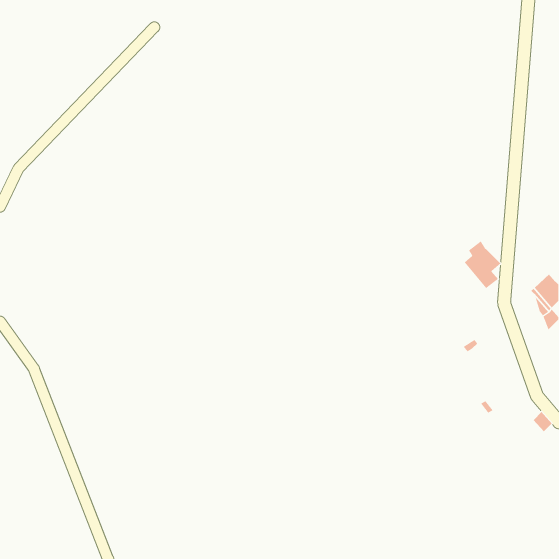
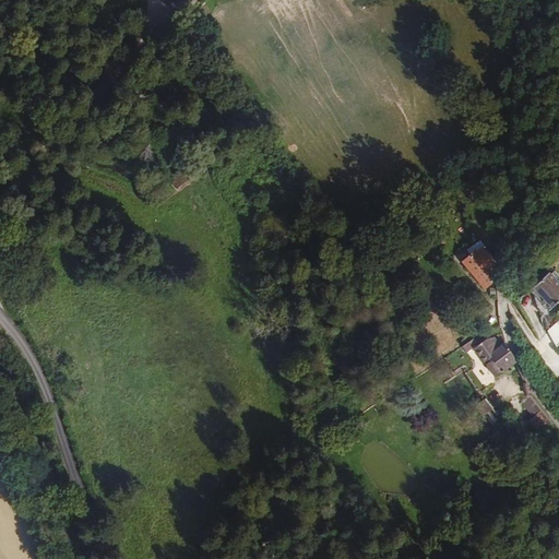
building: none -> [475,337,515,377]

